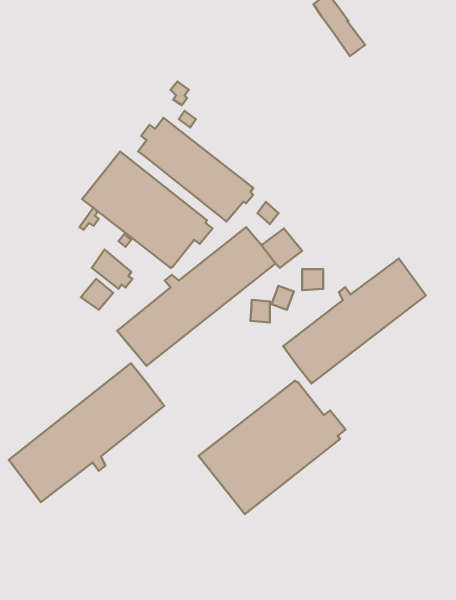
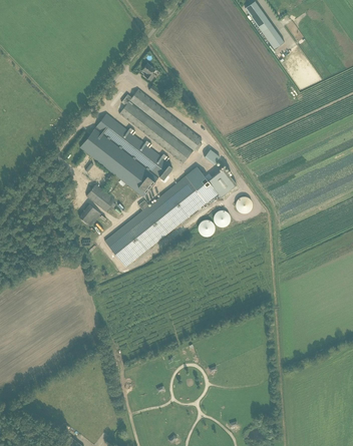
building: [283,258,426,383] -> none
building: [9,363,164,502] -> none
building: [198,381,346,514] -> none

